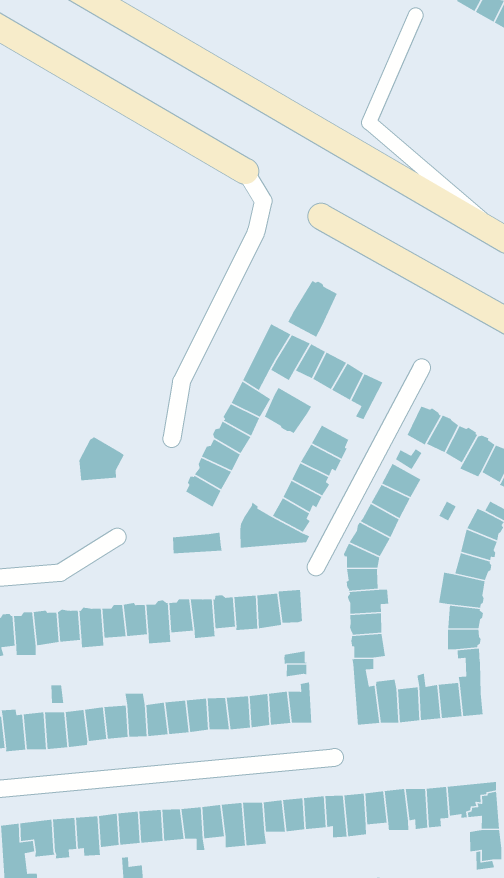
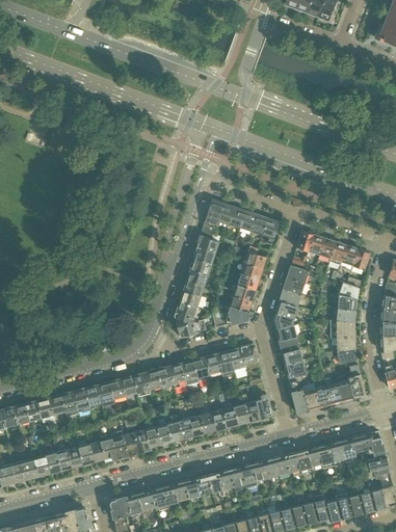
building: [287,280,338,338] -> none
building: [264,387,312,434] -> none
building: [78,436,125,481] -> [175,301,200,327]

